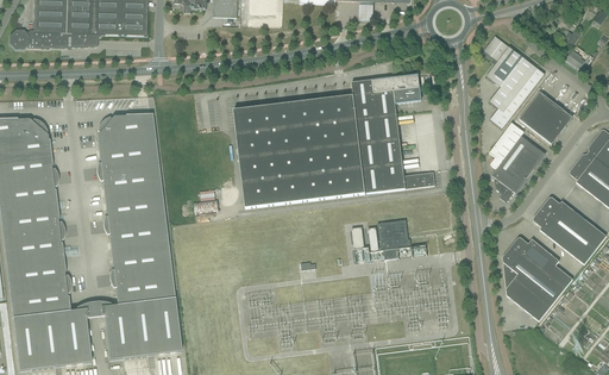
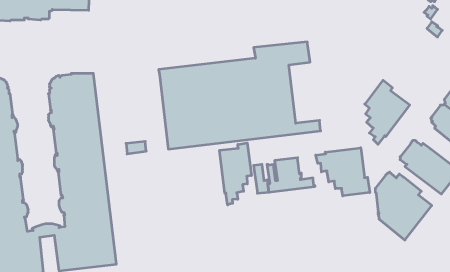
building: [483,35,544,127] -> none
building: [519,90,572,143] -> none
building: none -> [220,143,251,205]
building: none -> [316,148,370,196]

